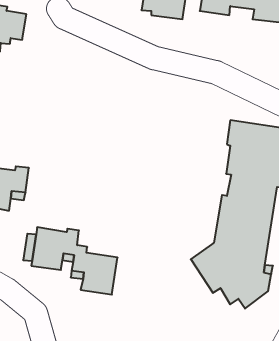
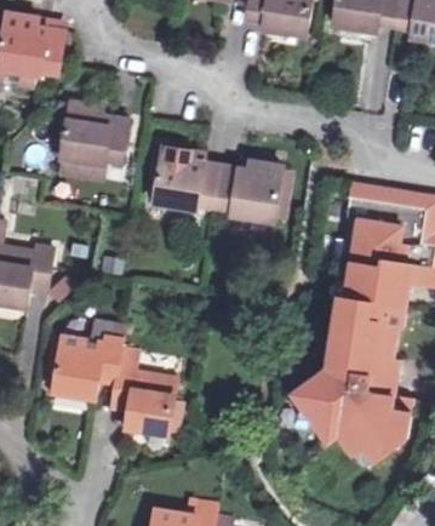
building: none -> [53,102,124,164]
building: none -> [143,143,279,215]

